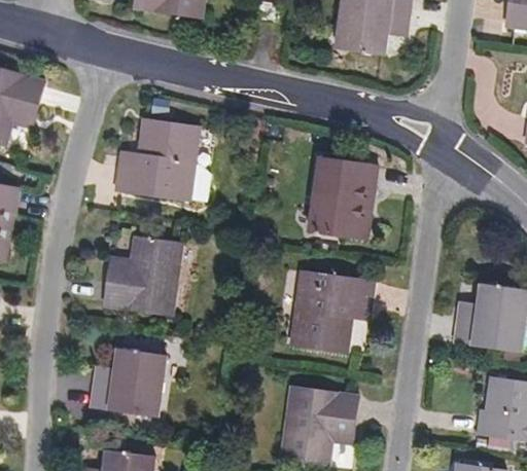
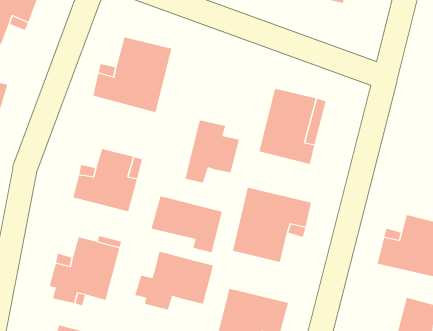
building: none -> [185,120,239,184]
building: none -> [151,195,222,253]
building: none -> [135,251,214,310]

